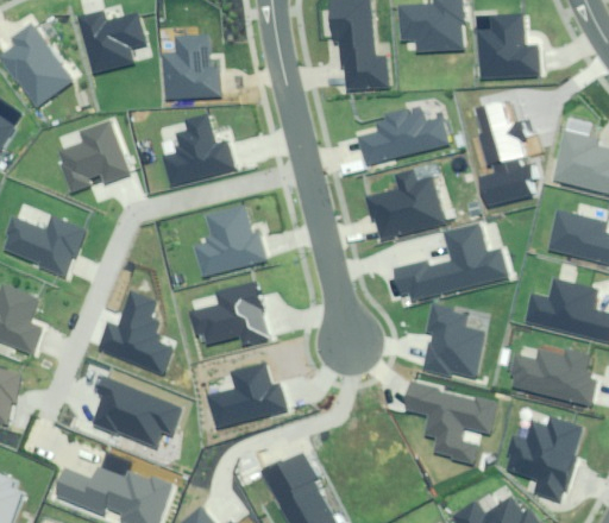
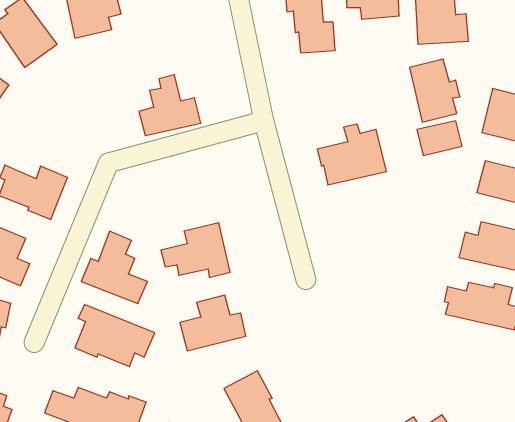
building: [164,34,221,96] -> none
building: [360,106,448,163] -> none
building: [58,119,130,190] -> none
building: [197,206,265,272] -> none
building: [395,223,507,300] -> none
building: [426,301,485,376] -> none
building: [403,384,496,461] -> none
building: [508,416,580,494] -> none

